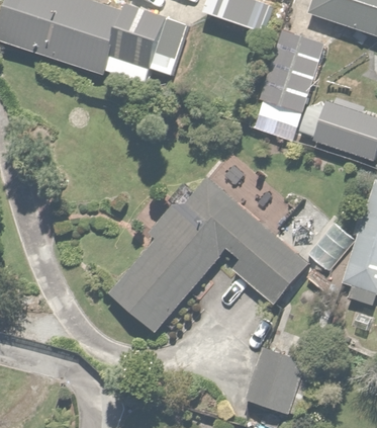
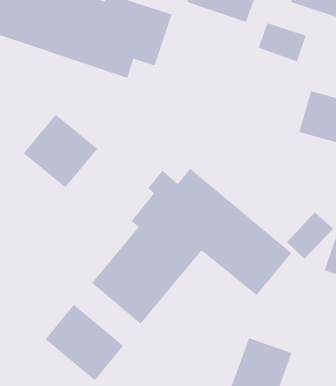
building: [253,68,313,138] -> none
building: none -> [23,114,98,188]
building: none -> [45,304,124,381]

